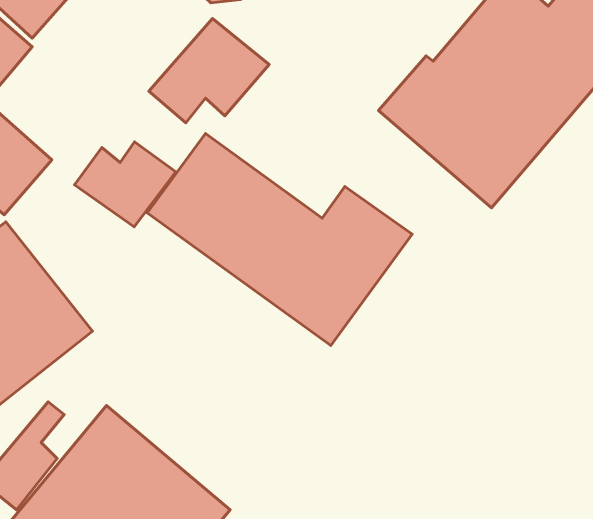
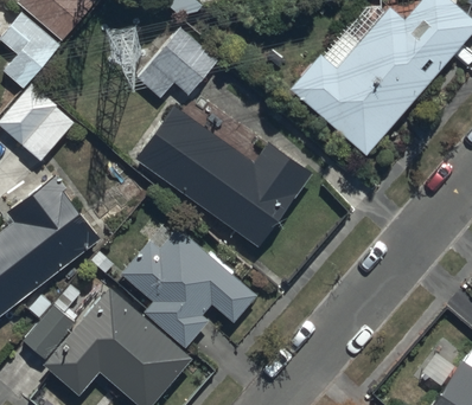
building: [75,142,176,227] -> none
building: none -> [123,229,257,348]

